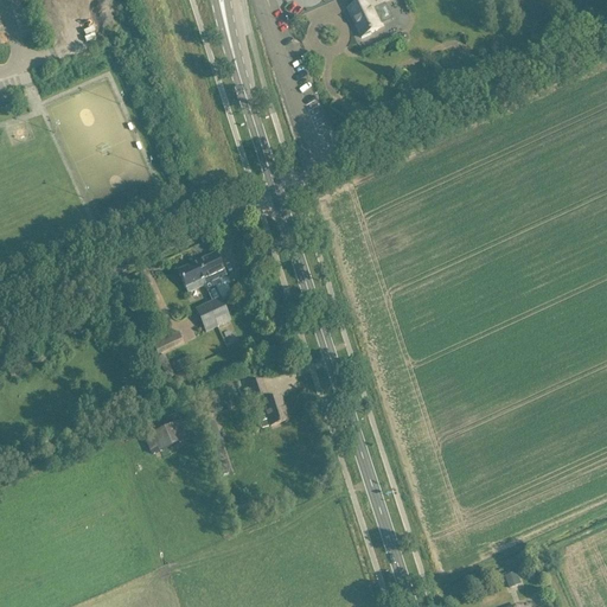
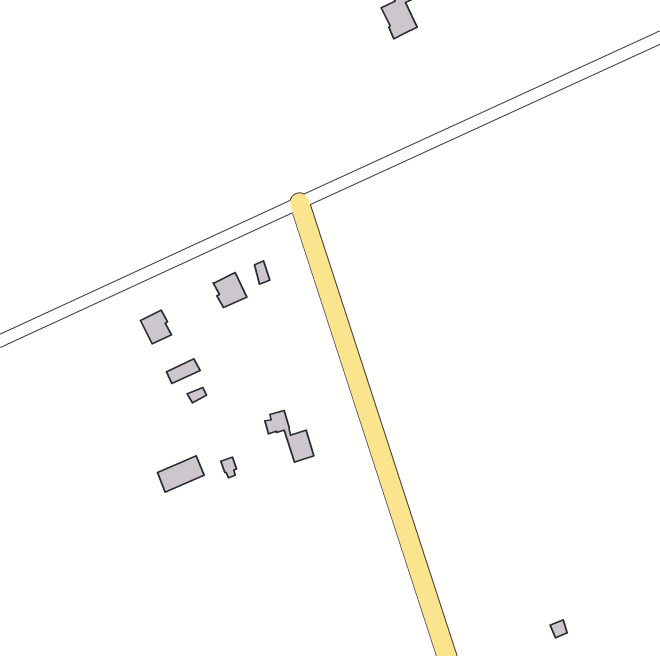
building: [177,260,205,290] -> [140,310,171,344]
building: [196,298,231,330] -> none

